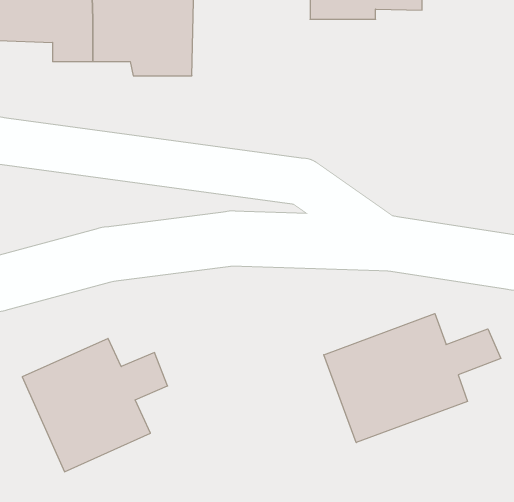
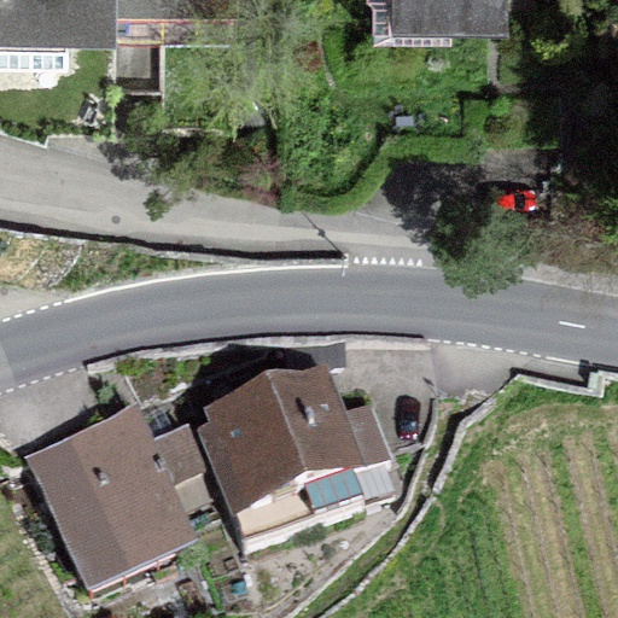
building: none -> [199,373,386,538]
building: [324,314,501,443] -> none

